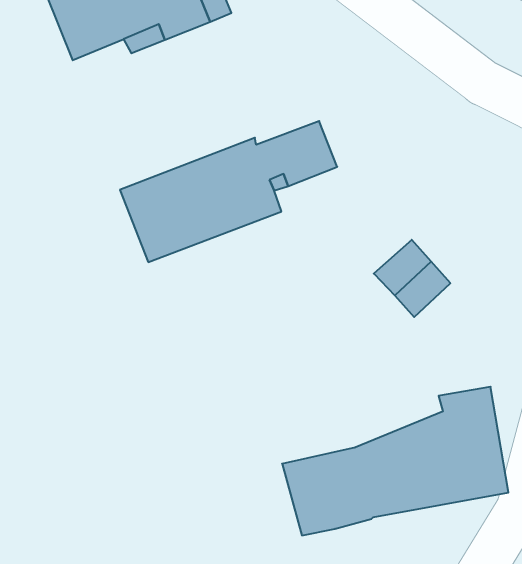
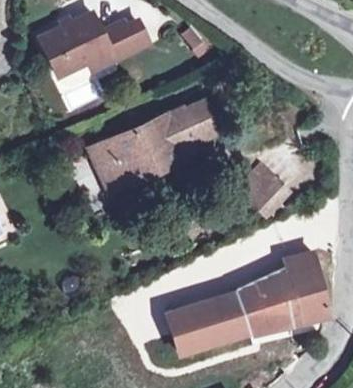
building: none -> [166,304,208,352]

